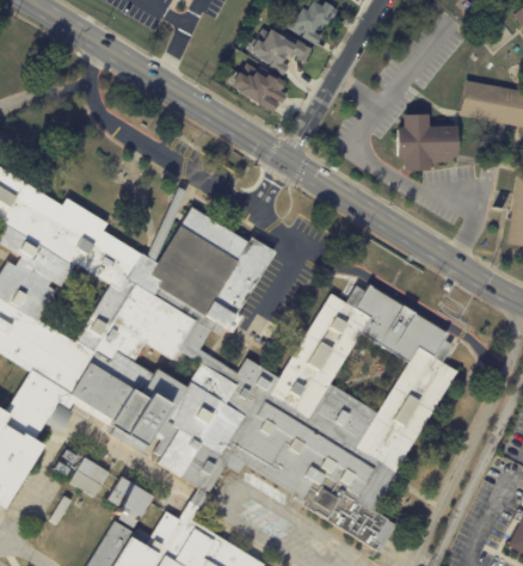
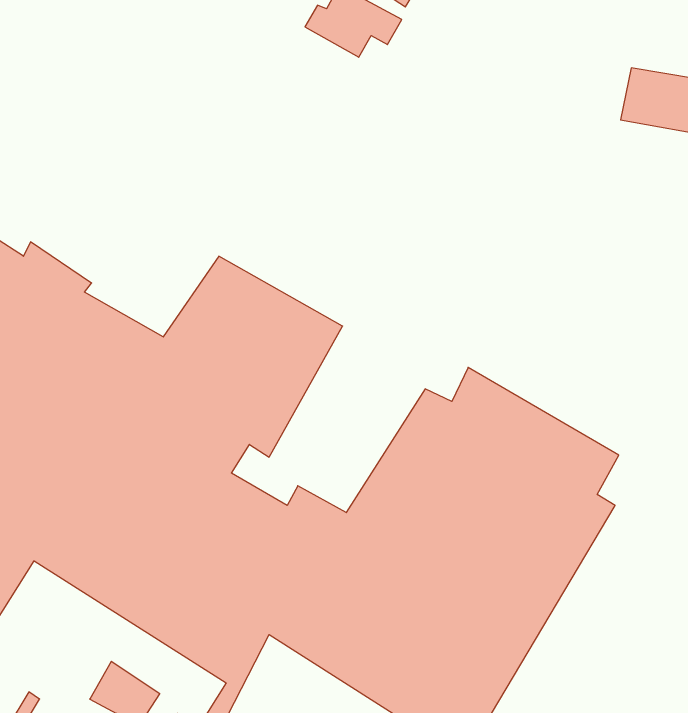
building: [232,63,288,113] -> none
building: [395,115,455,171] -> none
building: [67,460,107,498] -> none

